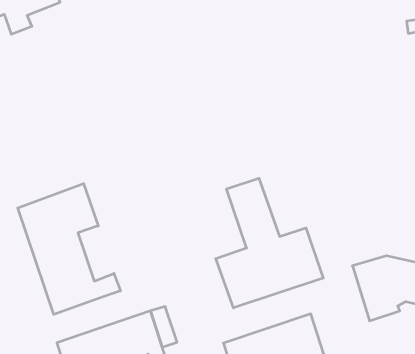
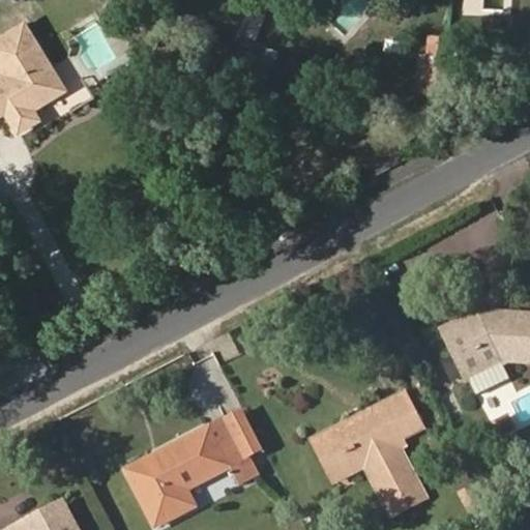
building: [216,178,323,308] -> none
building: [18,184,120,314] -> none

